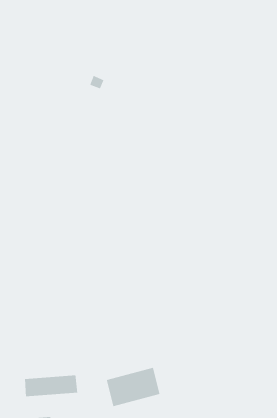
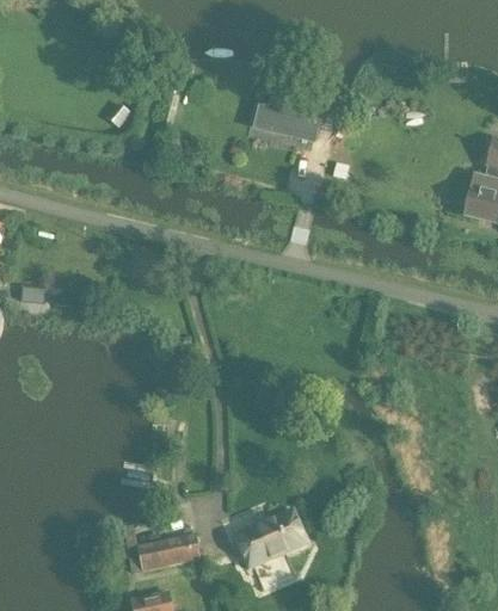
building: none -> [264,98,325,140]

